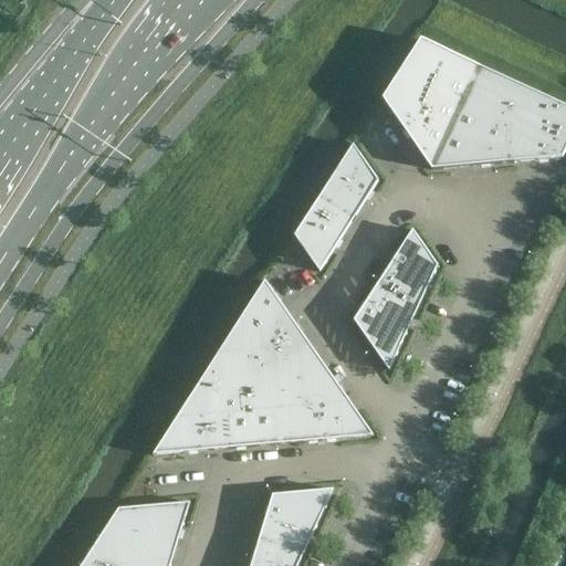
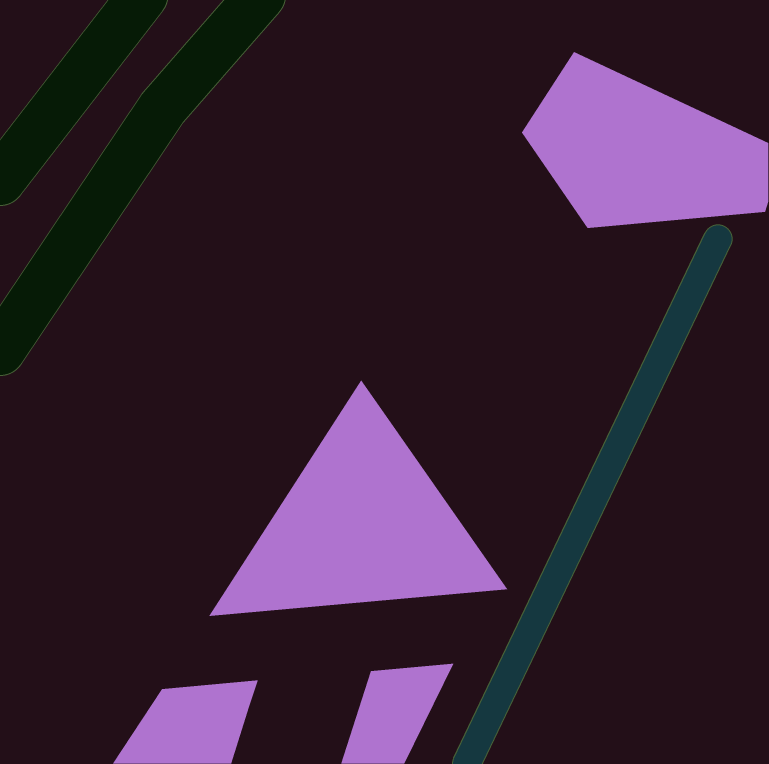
building: [294,144,378,270] -> none
building: [354,228,438,369] -> none

